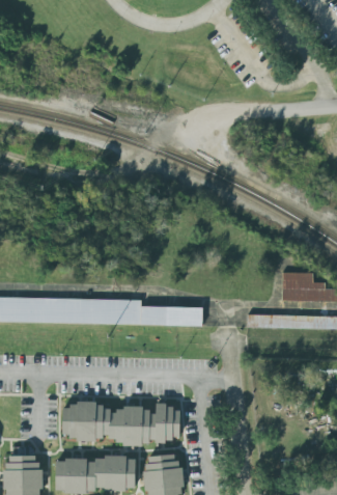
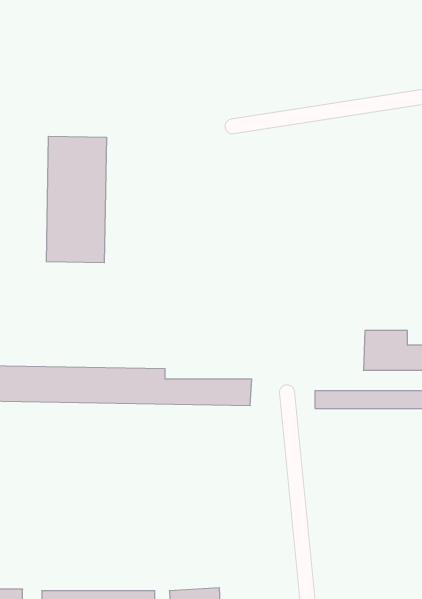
building: none -> [46,136,106,263]
building: [62,405,180,443] -> none

